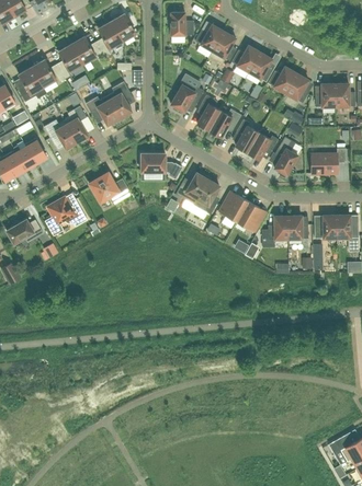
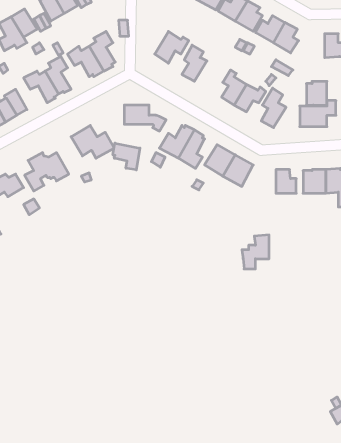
building: [315,83,335,106] -> [306,81,327,105]
building: [208,108,240,137] -> none
building: none -> [113,143,140,170]
building: [261,215,287,247] -> [242,235,269,269]

